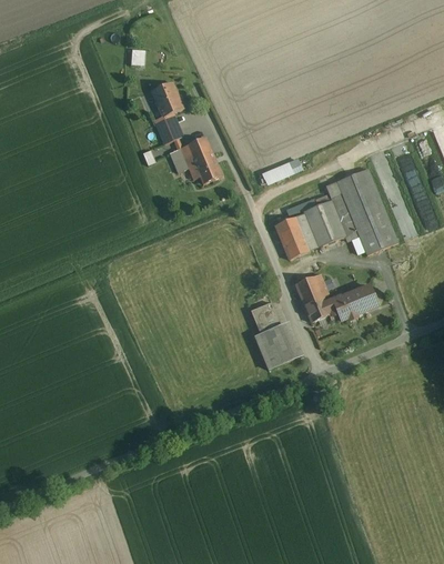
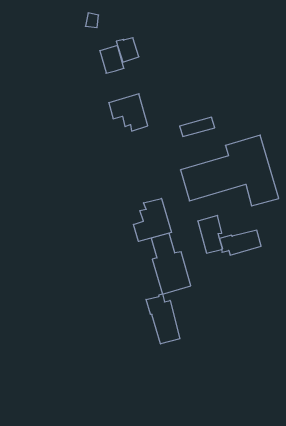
building: [155,112,185,143] -> [116,38,139,62]
building: none -> [133,198,171,241]
building: none -> [146,294,180,344]

